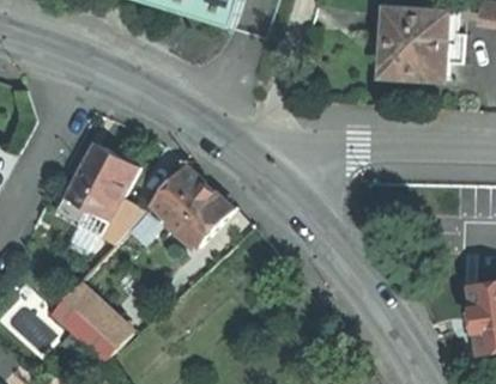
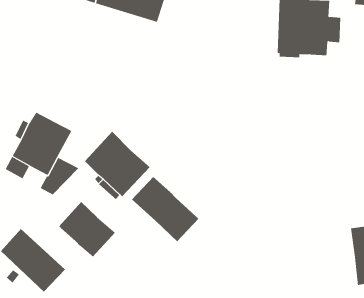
building: none -> [131,176,199,242]
building: none -> [58,201,116,258]

